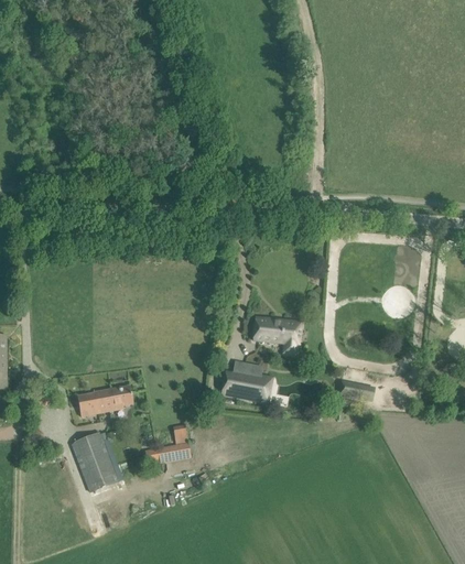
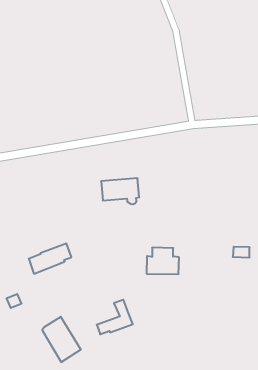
building: [252,315,303,352] -> [101,178,139,204]
building: [77,384,133,416] -> [29,244,71,274]

